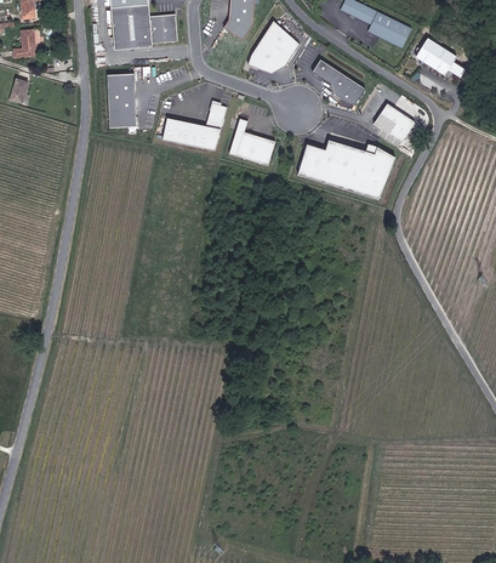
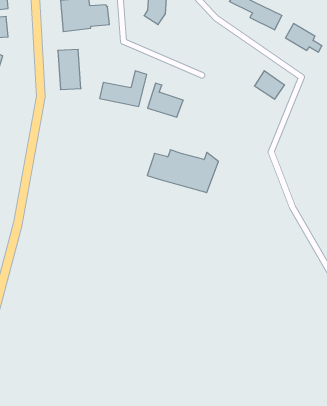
building: [246,19,297,72] -> none
building: [310,58,364,103] -> none
building: [297,141,394,199] -> [147,150,218,193]

